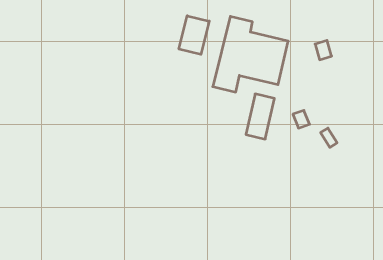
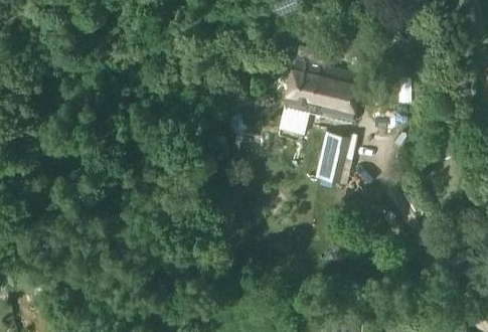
building: [179,16,209,54] -> none

